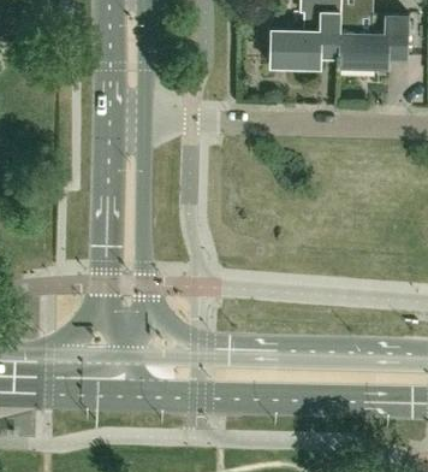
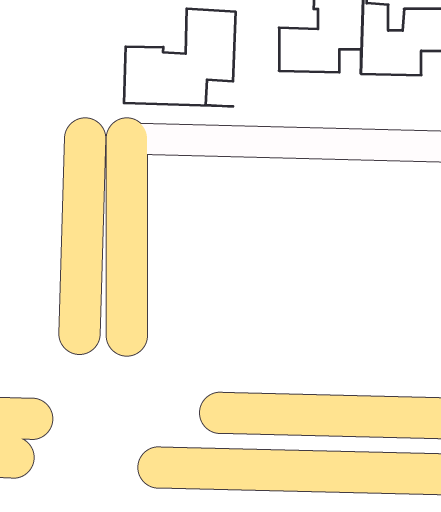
building: none -> [124,9,235,106]

